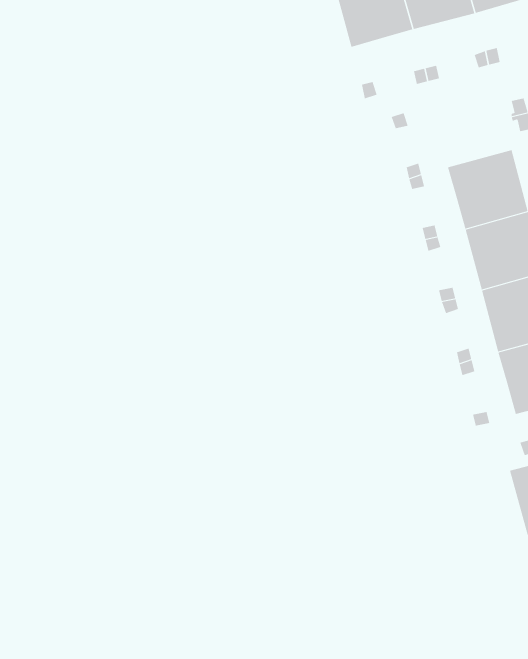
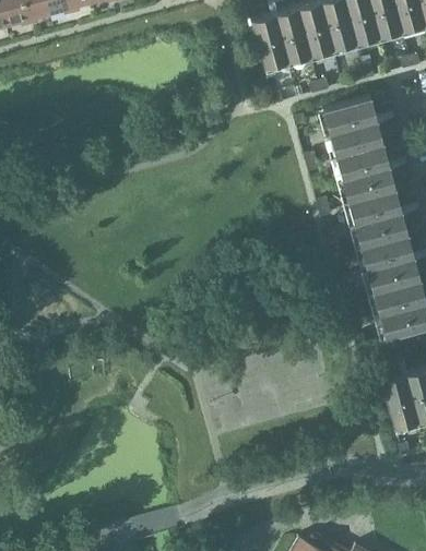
building: none -> [323,99,383,158]

